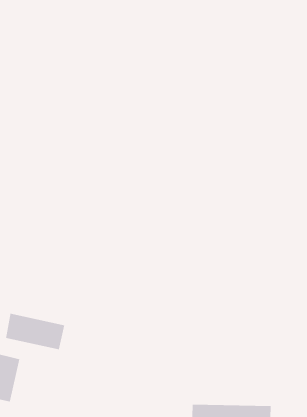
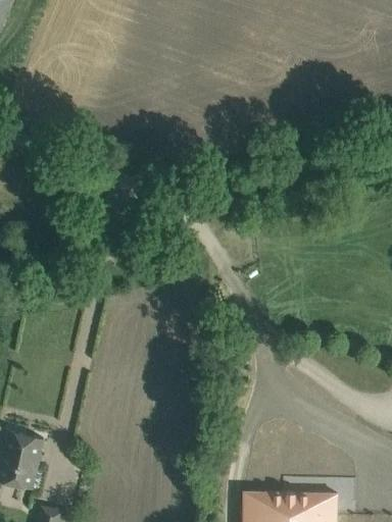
building: [5,313,65,350] -> none

